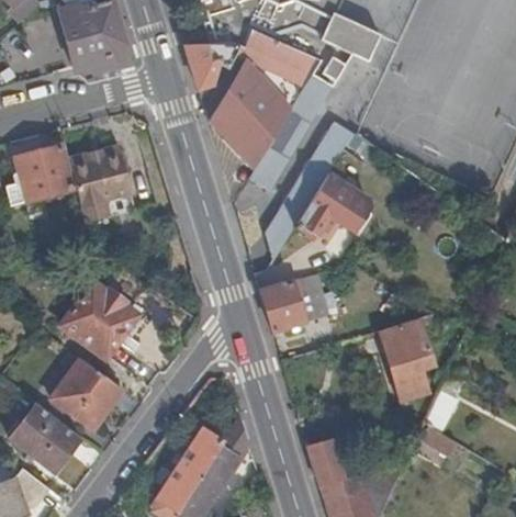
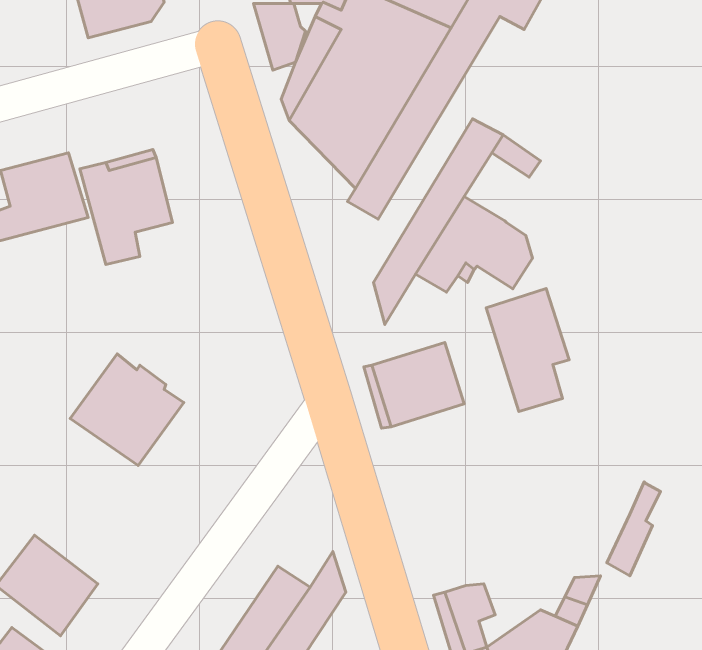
building: [378,318,434,402] -> [486,288,569,412]
building: [51,359,122,430] -> none

